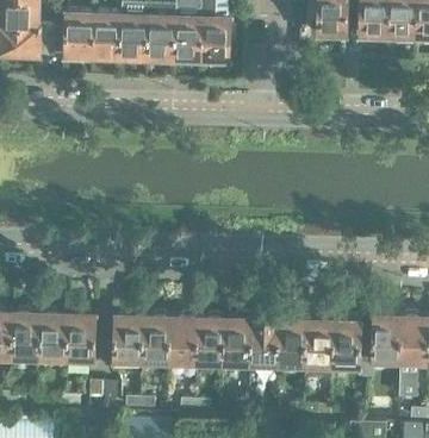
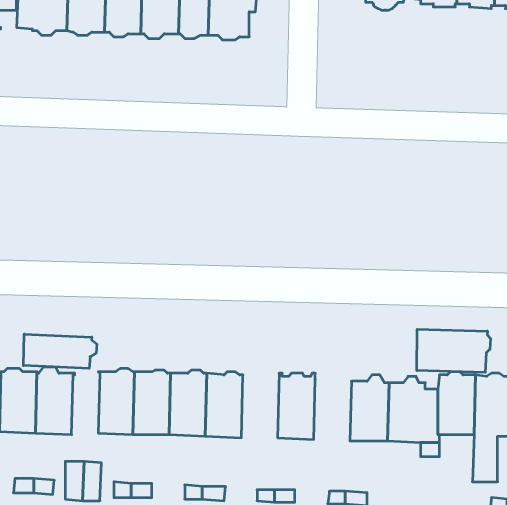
building: none -> [417,329,491,372]
building: none -> [23,334,97,368]
building: [223,314,251,364] -> none
building: [278,317,306,367] -> none

